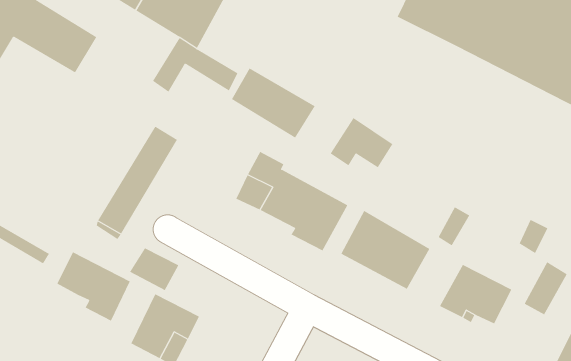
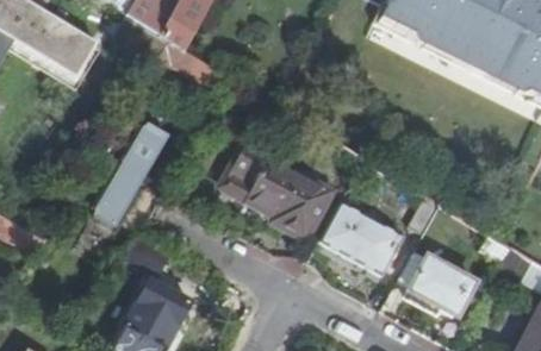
building: [231,68,316,138] -> none
building: [330,117,393,168] -> none
building: [57,252,130,321] -> none

